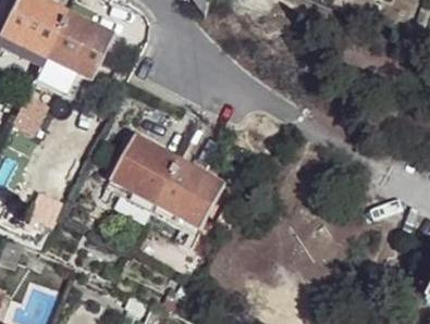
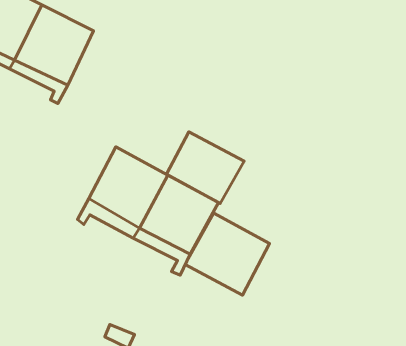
building: none -> [167,132,244,203]
building: none -> [185,213,269,295]

